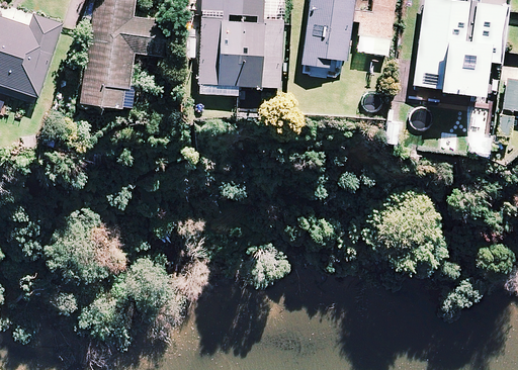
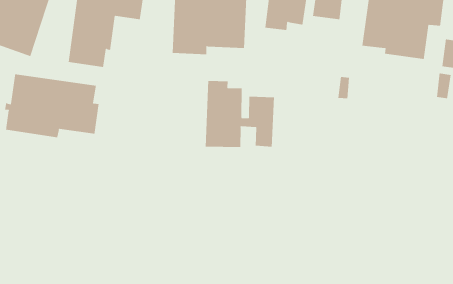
building: none -> [4,74,99,138]
building: none -> [205,80,274,148]

